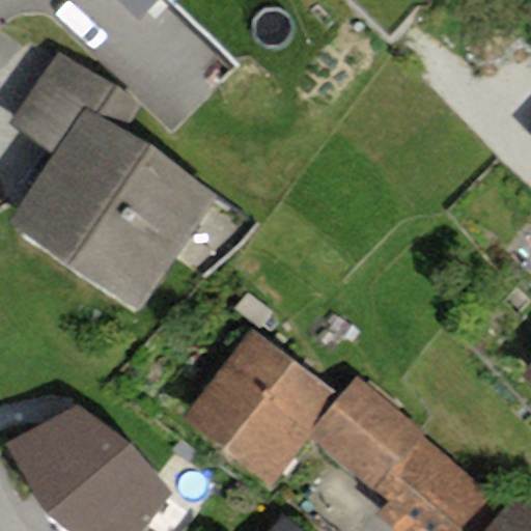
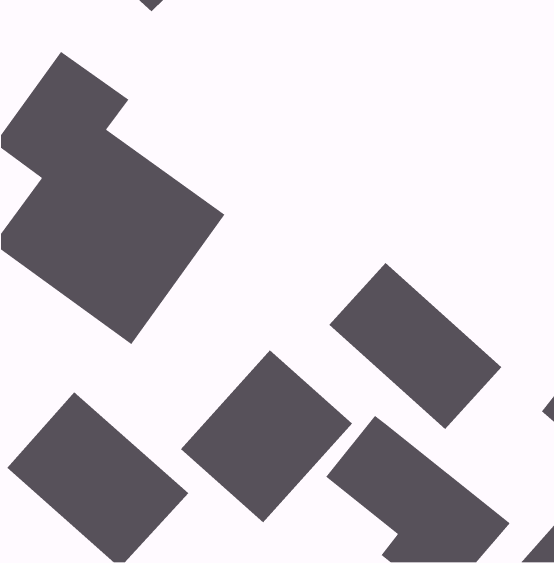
building: none -> [329,262,502,430]

